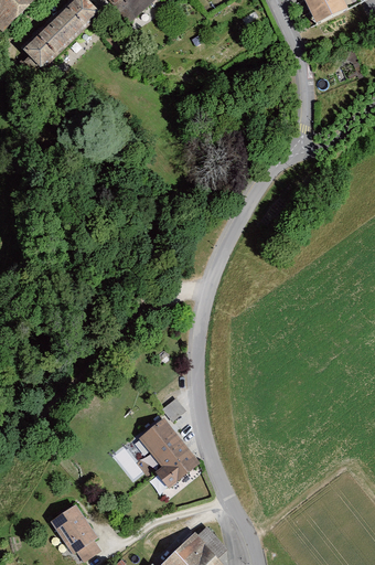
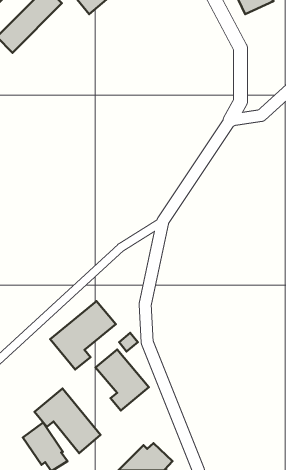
building: none -> [50,301,116,370]
building: none -> [34,388,101,453]

